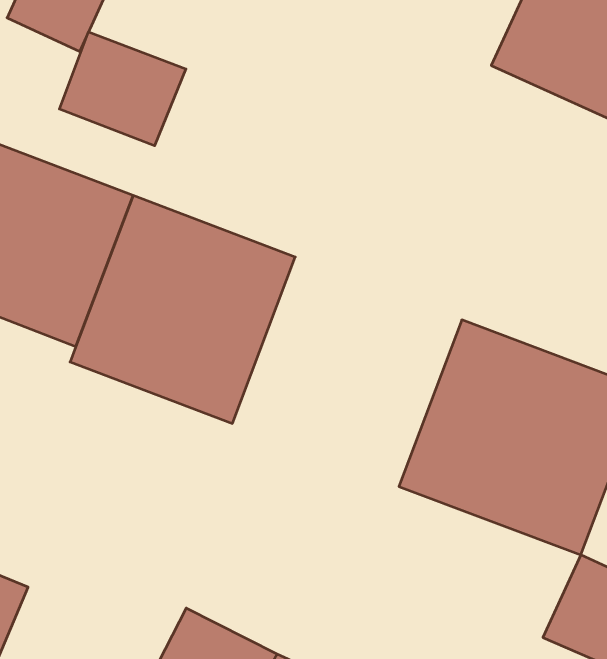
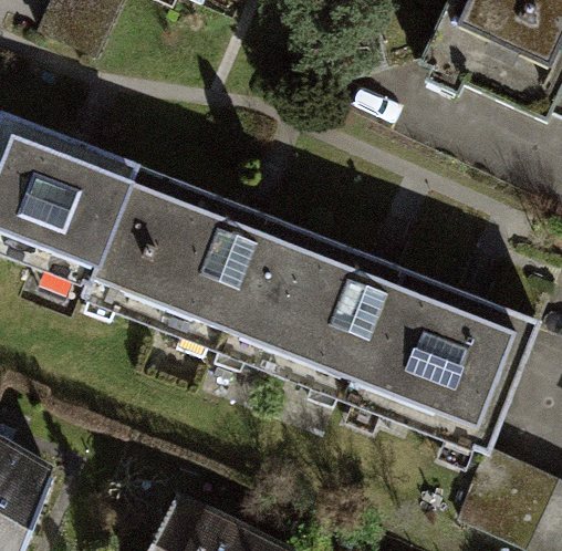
building: [59,32,186,146] -> none
building: none -> [212,211,394,393]

